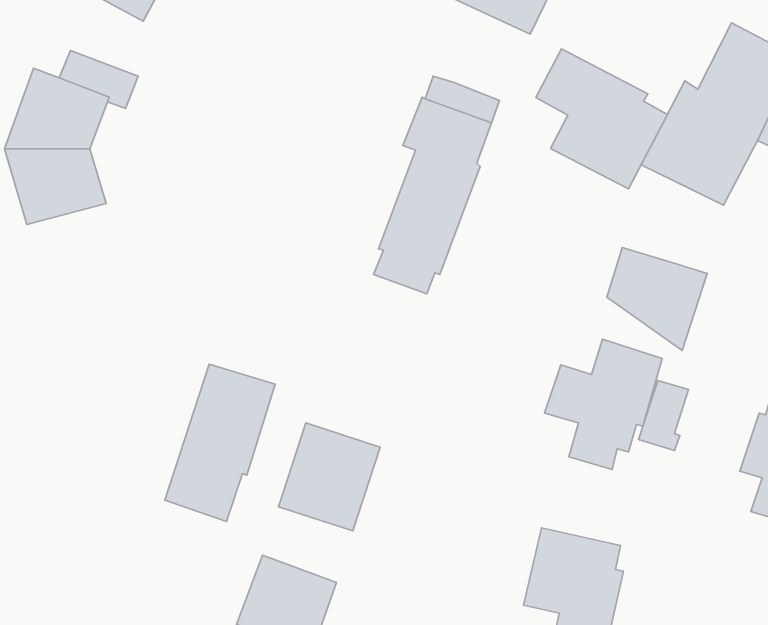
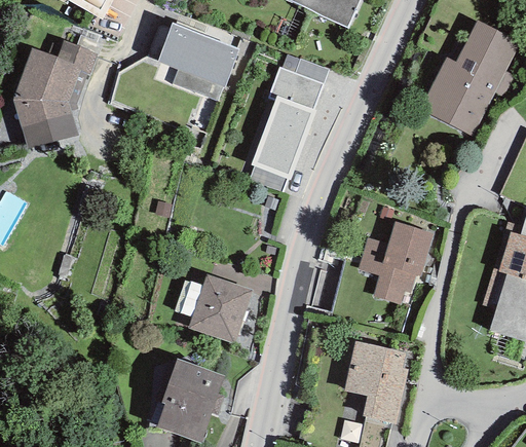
building: none -> [158,23,239,101]
building: [536,49,668,189] -> none
building: [607,248,707,350] -> none
building: [165,364,275,522] -> none
building: [639,380,689,451] -> none

